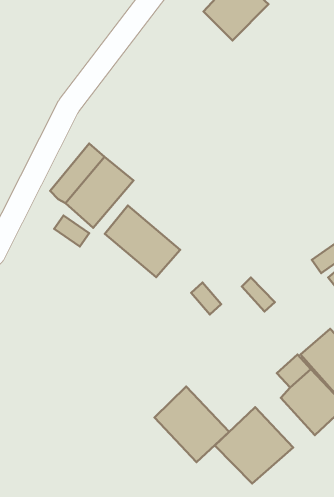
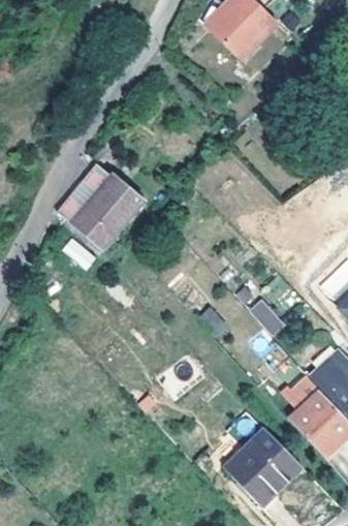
building: [105,205,180,277] -> none
building: [155,386,229,462] -> none

